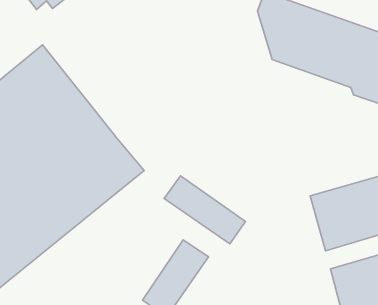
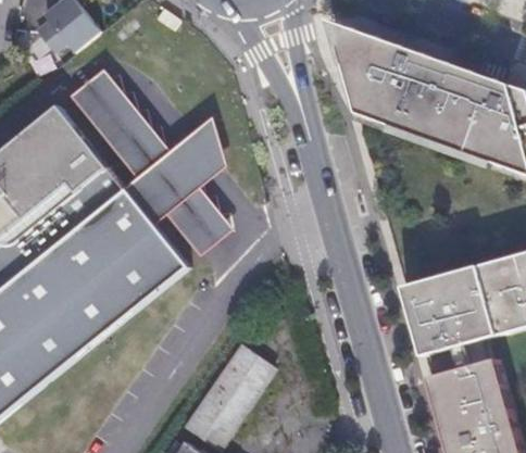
building: none -> [71,63,235,248]
building: [164,176,245,244] -> none

